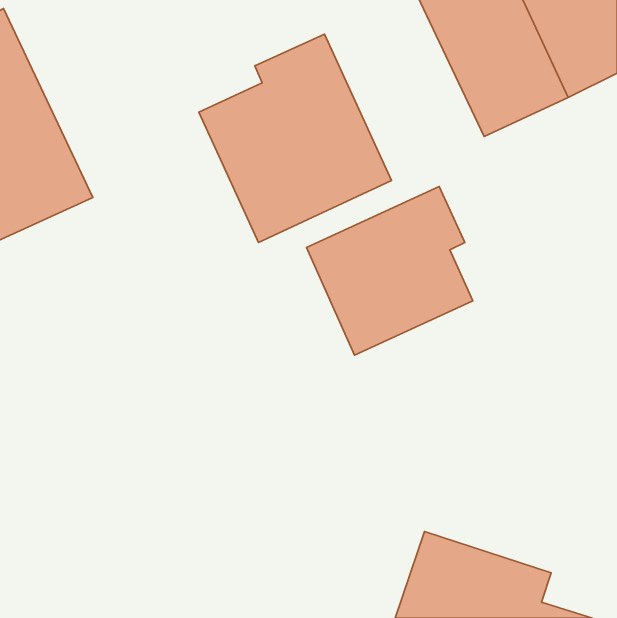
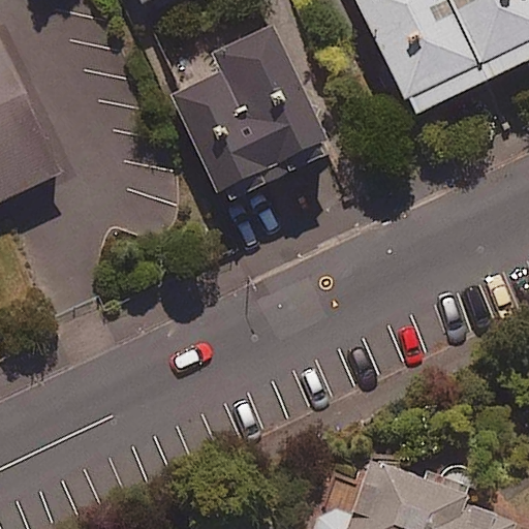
building: [306,187,473,355] -> none

